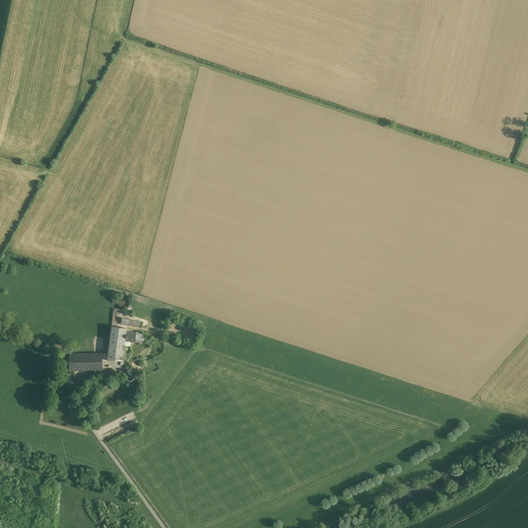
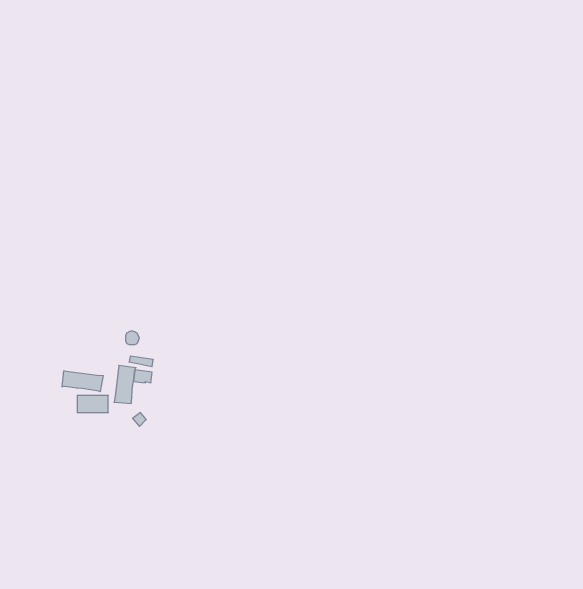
building: none -> [62,371,103,392]

